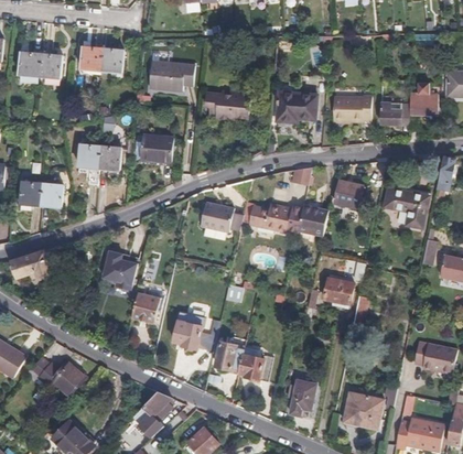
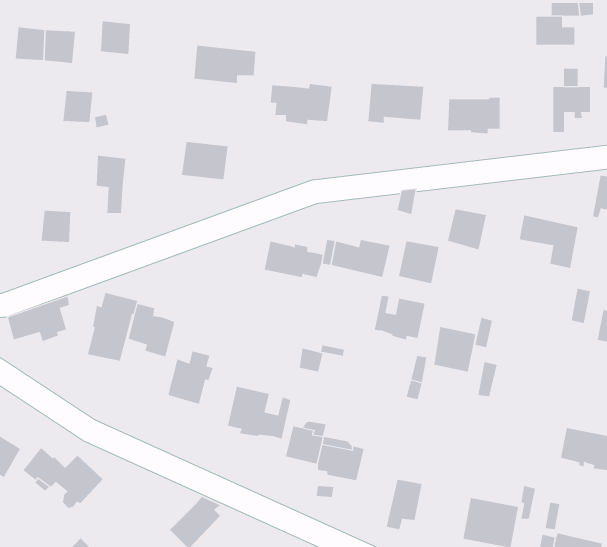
building: [103,50,125,74] -> none
building: [379,102,408,123] -> [535,16,575,45]
building: [98,147,120,170] -> [63,90,93,123]
building: [18,182,41,206] -> none
building: none -> [87,292,138,361]
building: none -> [374,295,425,341]

